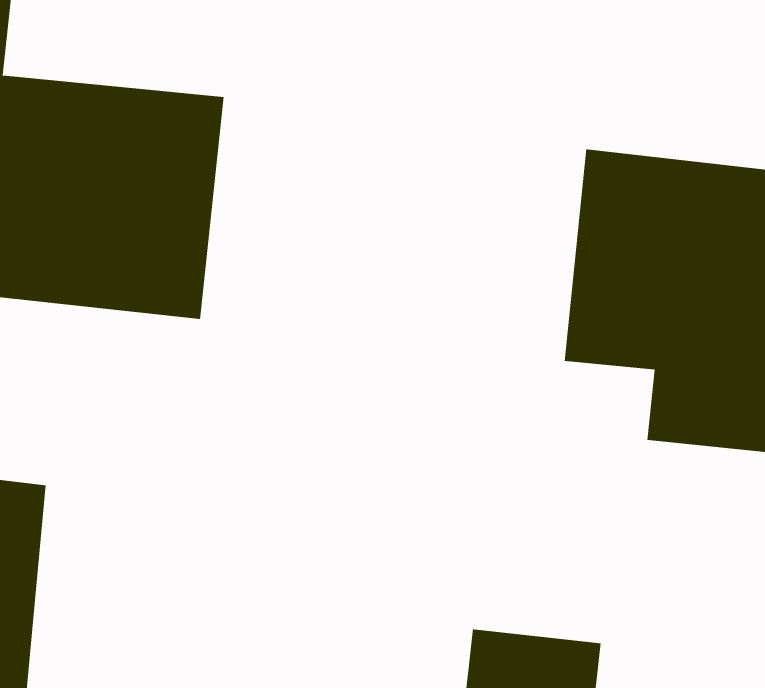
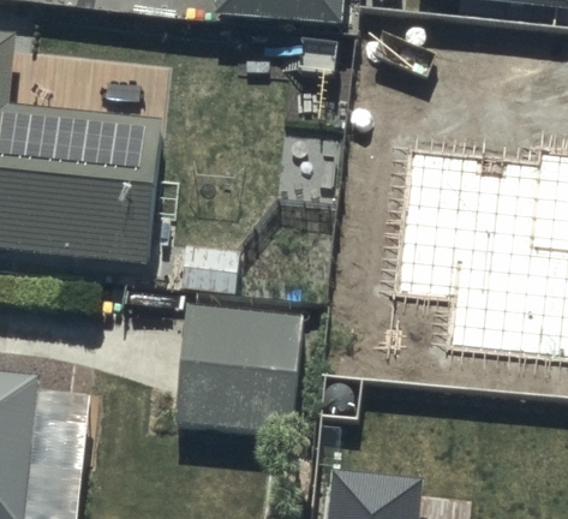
building: none -> [180,305,306,440]

